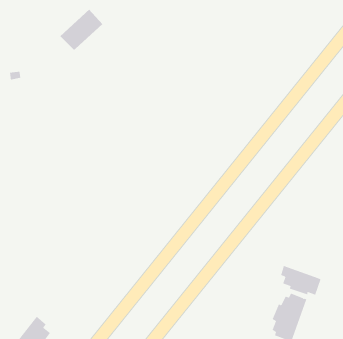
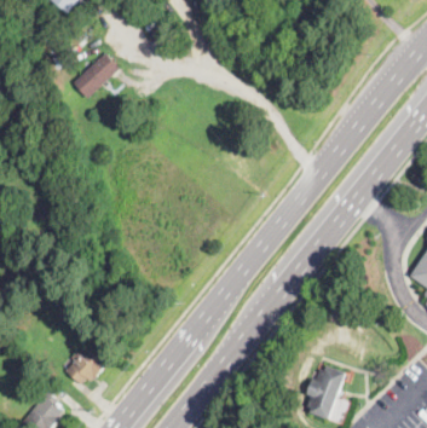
building: [281,265,321,295] -> none
building: none -> [64,346,106,383]

